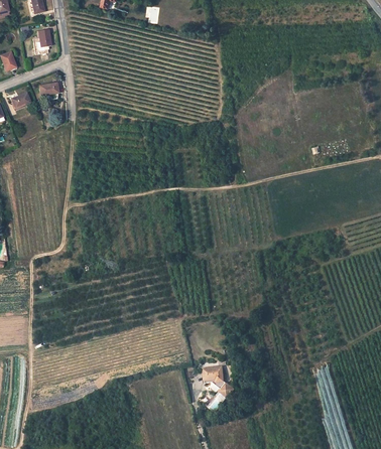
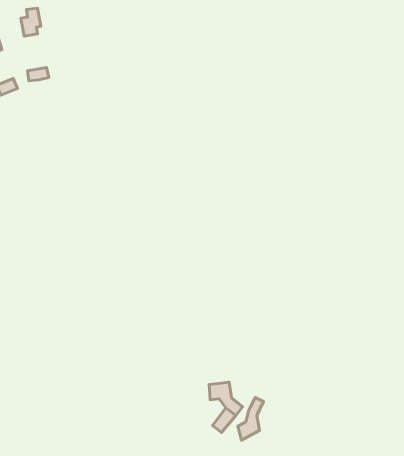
building: none -> [238,398,264,440]

